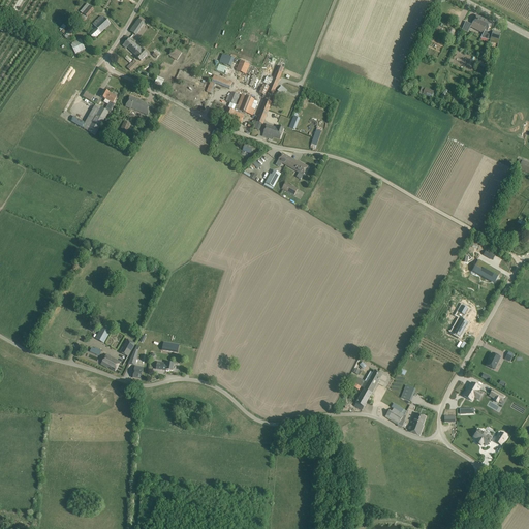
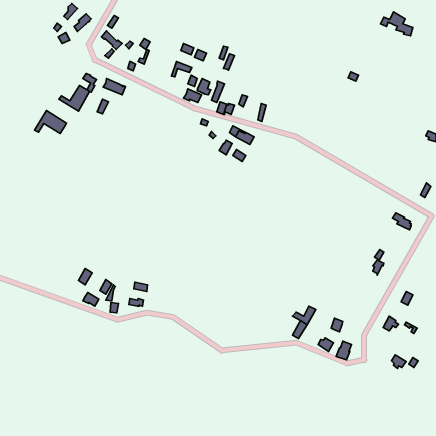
building: none -> [35,110,66,133]

